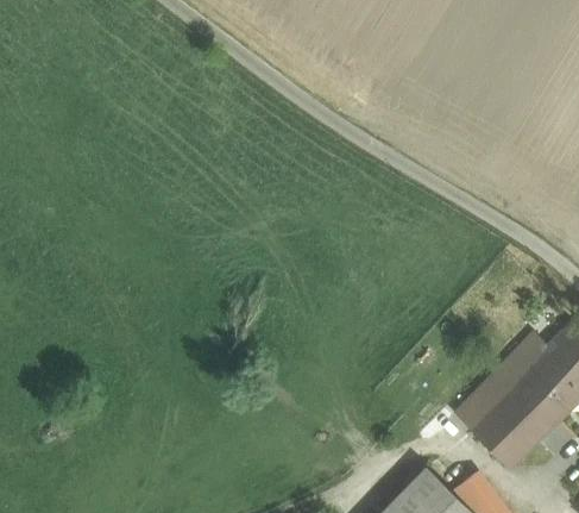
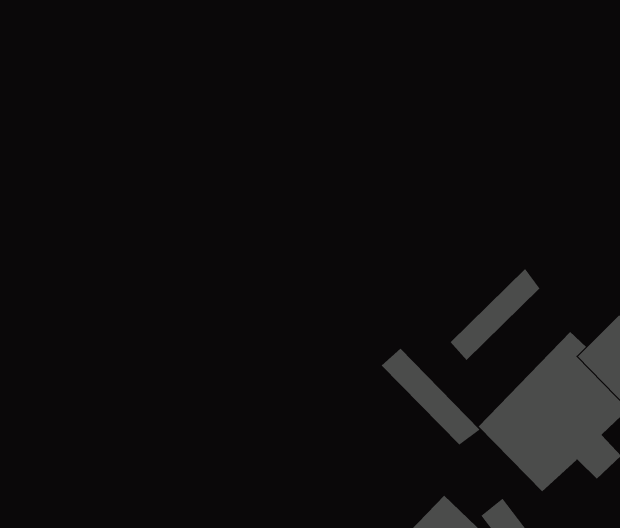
building: none -> [450,268,540,361]
building: none -> [381,348,481,445]

